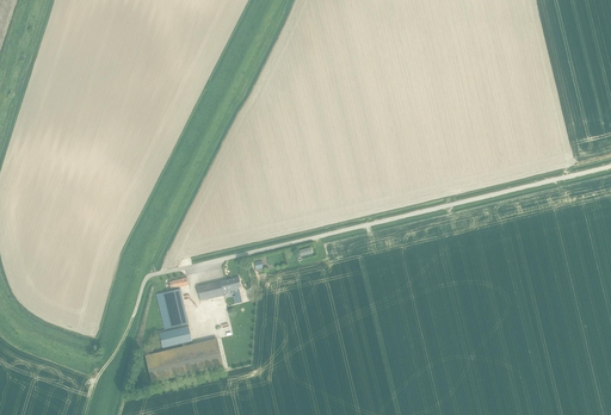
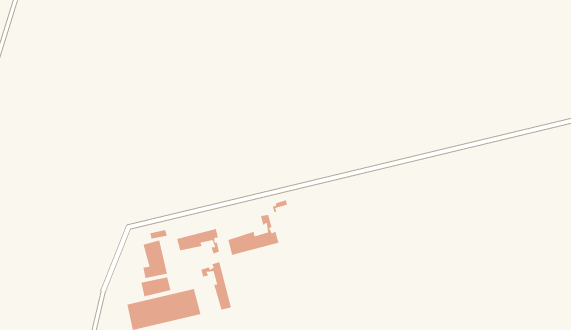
building: none -> [228,214,280,256]
building: none -> [201,261,232,310]

